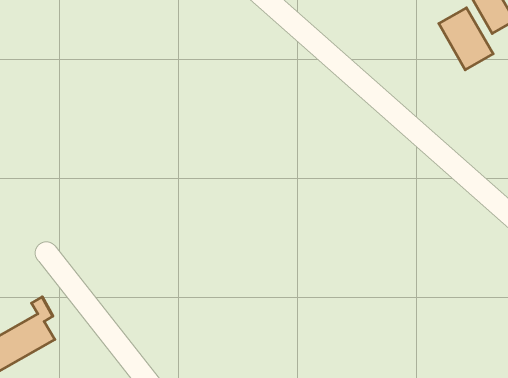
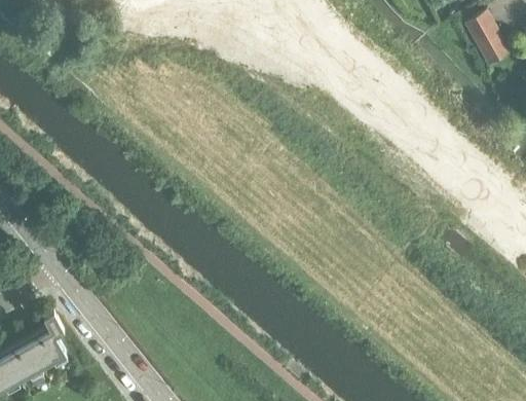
building: [439,8,493,70] -> none

